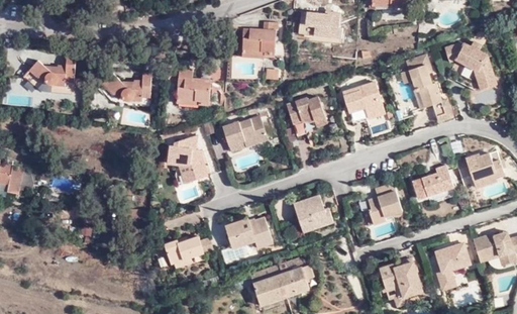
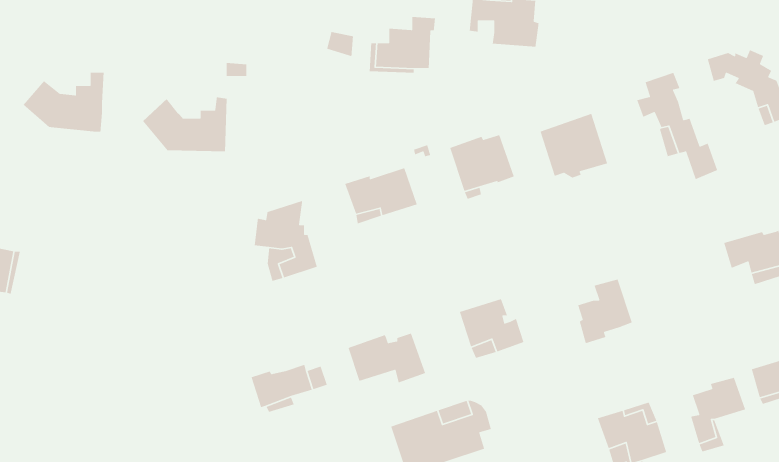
building: [177,68,222,106] -> none
building: [413,166,453,198] -> none

